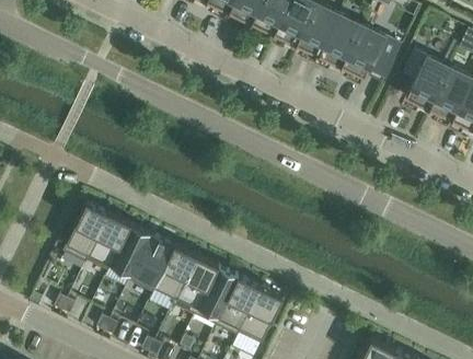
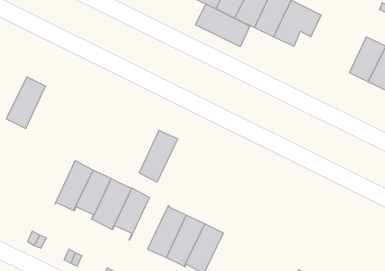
building: none -> [195,4,250,47]
building: [402,48,449,107] -> none
building: [62,200,108,260] -> [6,77,46,128]
building: [173,253,218,313] -> [139,130,178,182]

